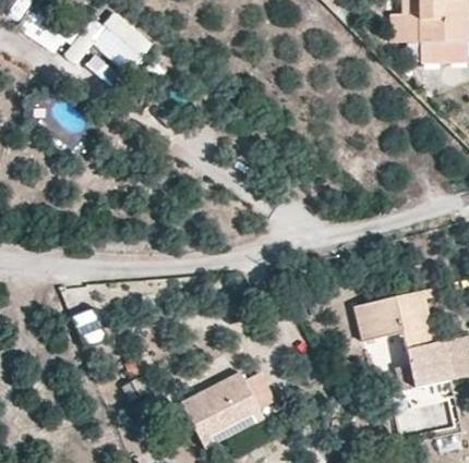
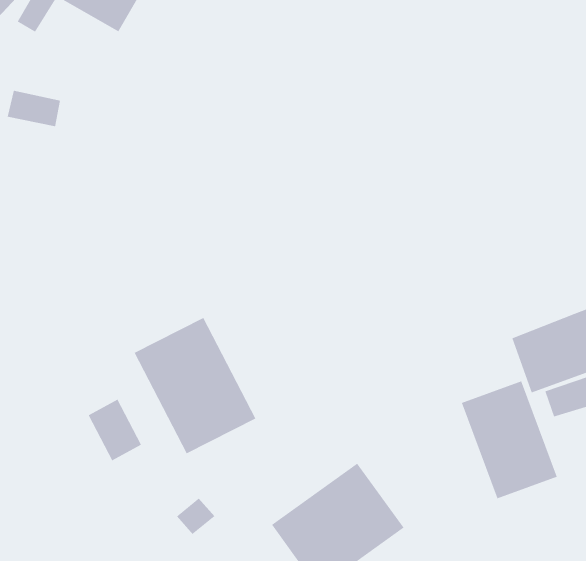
building: none -> [134,317,256,454]
building: none -> [461,380,558,499]

